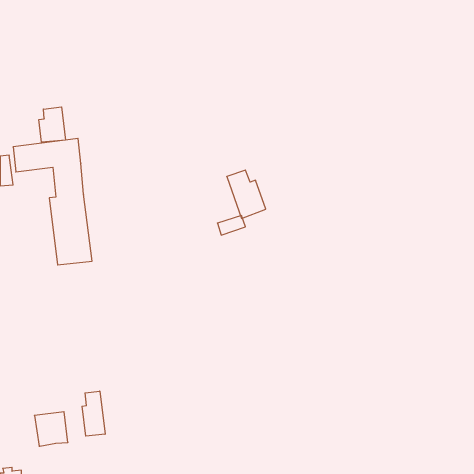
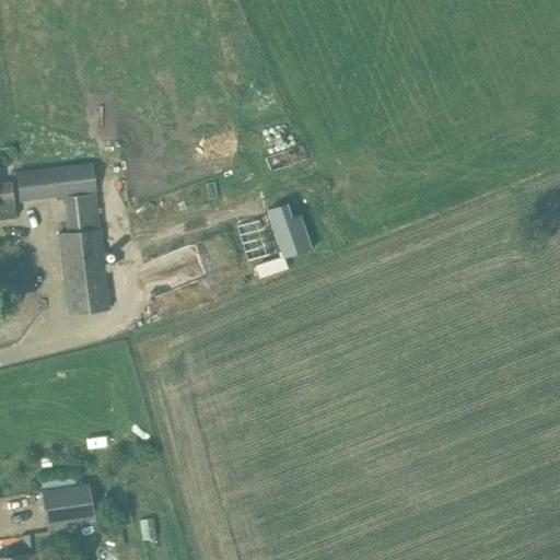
building: [39,107,65,142] -> none
building: [82,391,105,436] -> none

